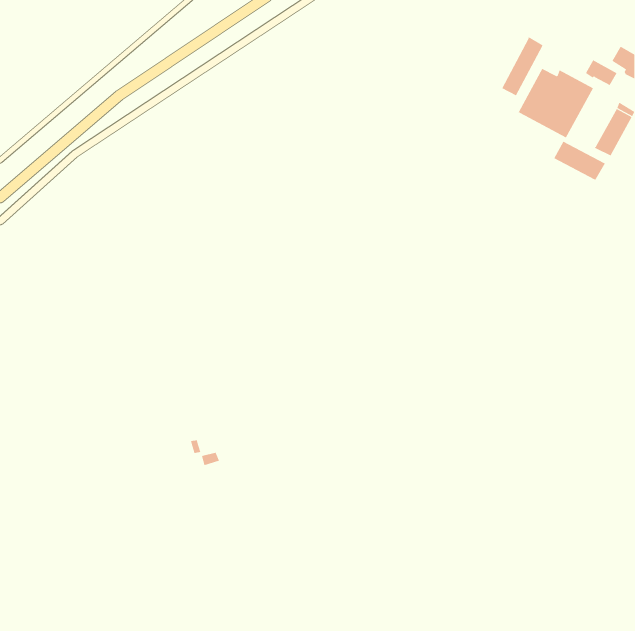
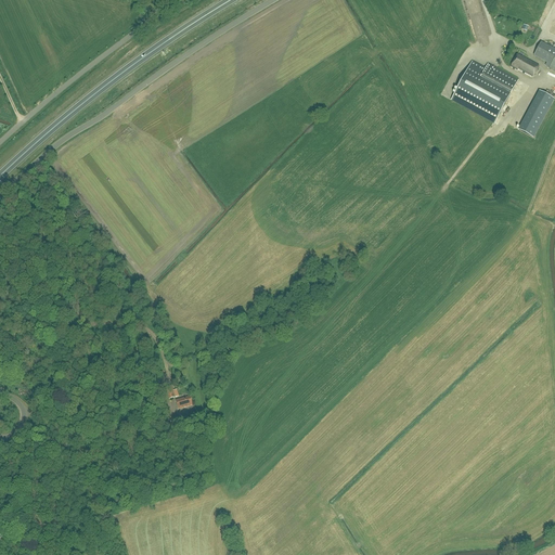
building: [501,36,544,96] -> none
building: [554,141,606,181] -> none

